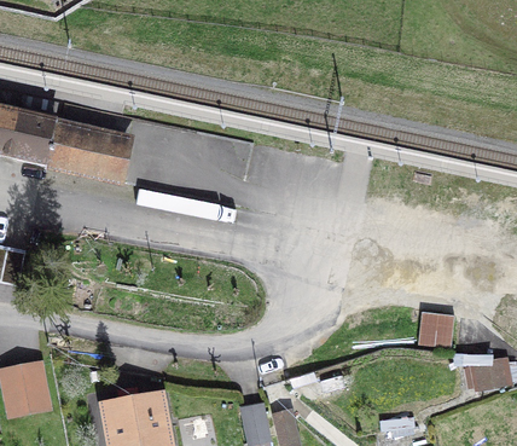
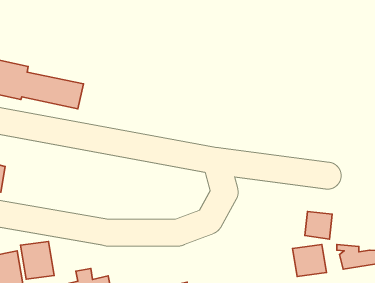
building: none -> [21,241,54,279]
building: none -> [292,244,327,277]

